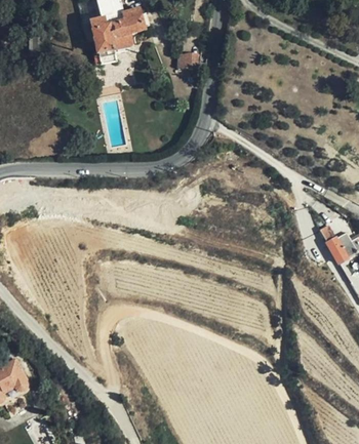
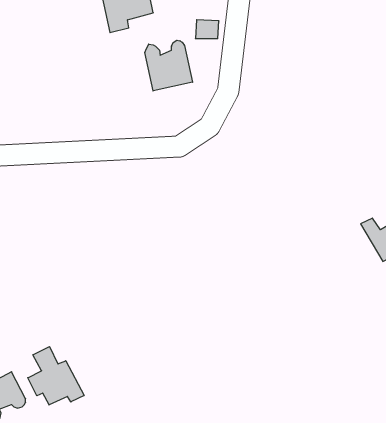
building: none -> [145,40,193,91]
building: none -> [28,347,84,405]

